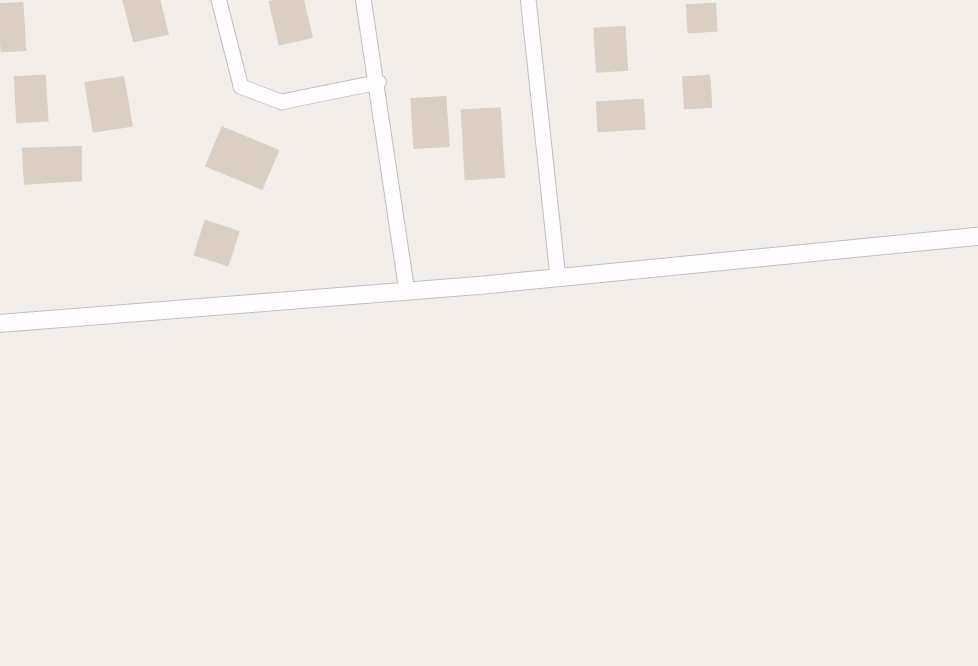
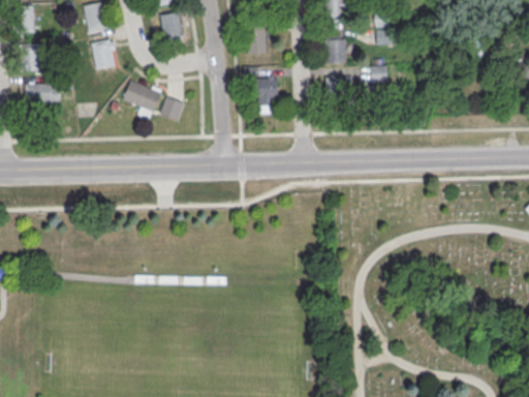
building: [83,75,134,133] -> [92,39,117,68]
building: [410,96,450,150] -> [248,26,268,53]
building: [192,219,241,267] -> [159,95,185,121]

